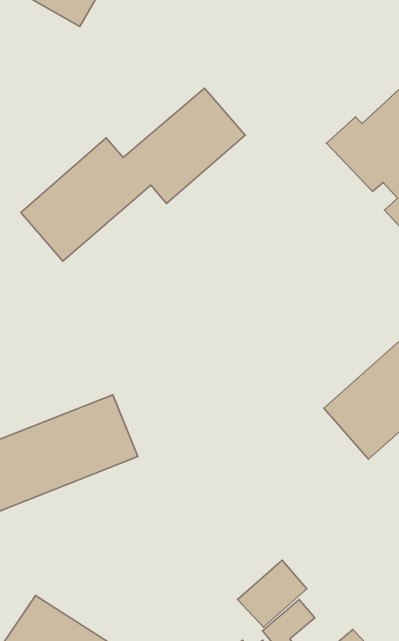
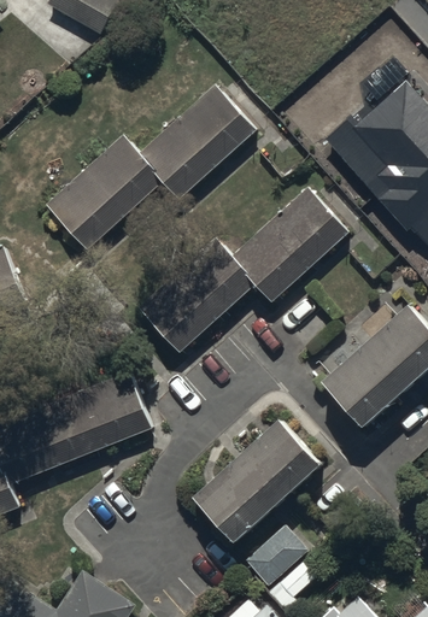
building: none -> [137,187,348,351]
building: none -> [195,422,322,543]

